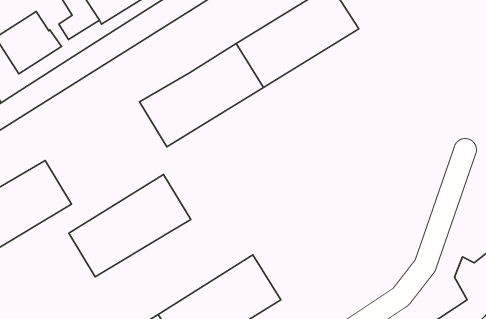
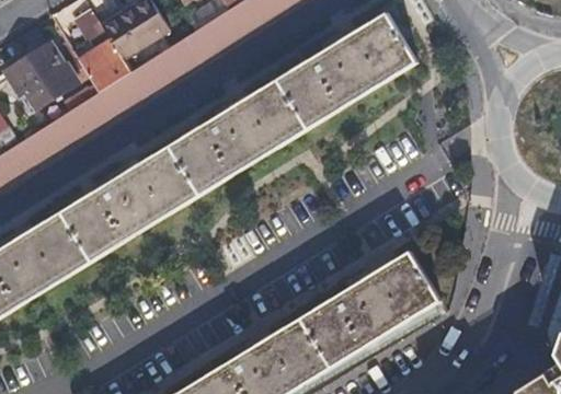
building: [69,175,191,277] -> [64,144,201,259]
building: none -> [297,250,438,367]

